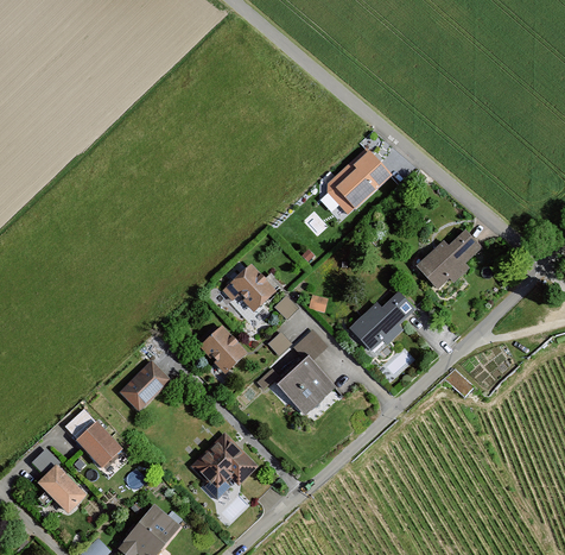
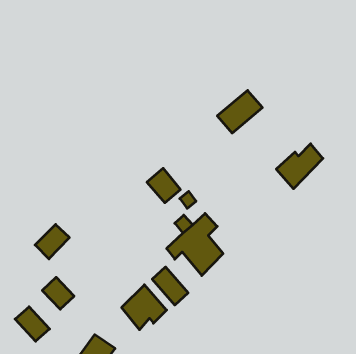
building: [348,288,414,357] -> none
building: [199,326,247,374] -> none
building: [121,360,171,410] -> [35,224,69,259]
building: none -> [152,267,188,305]

